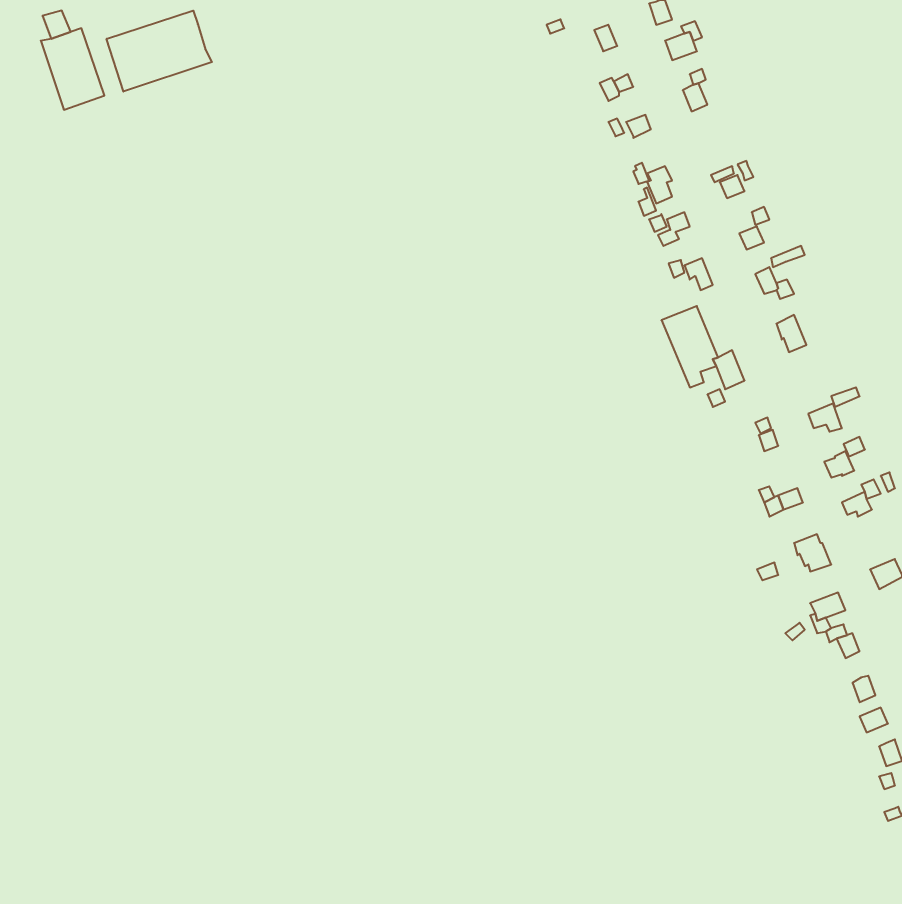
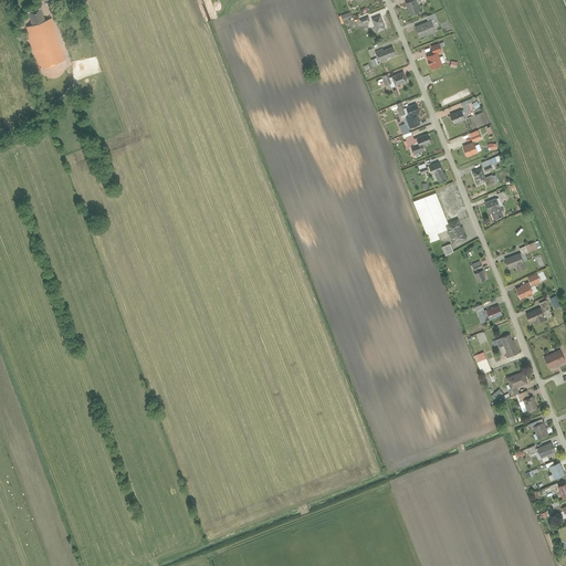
building: [107,11,212,92] -> none

